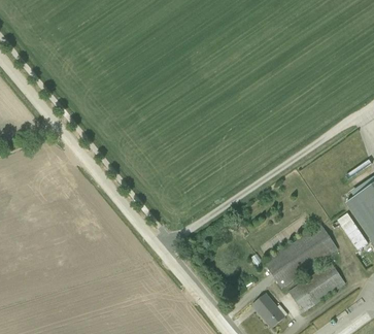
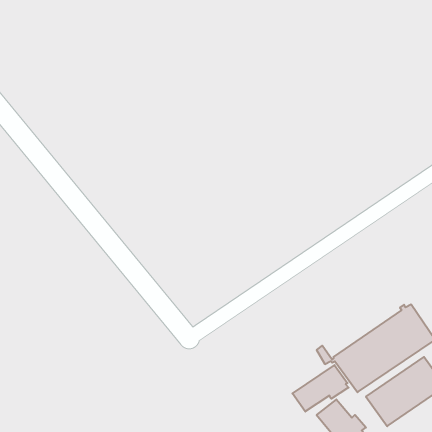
building: none -> [292,365,349,412]

